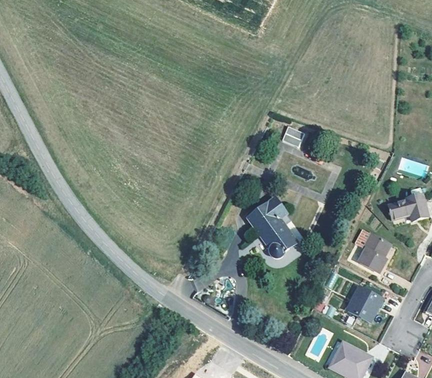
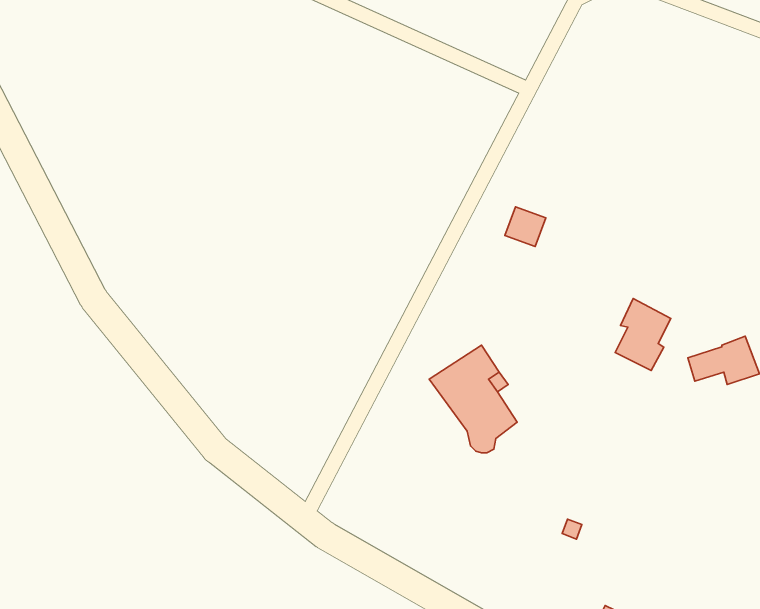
building: [357,233,388,273] -> [615,299,671,370]
building: [347,286,382,320] -> none

